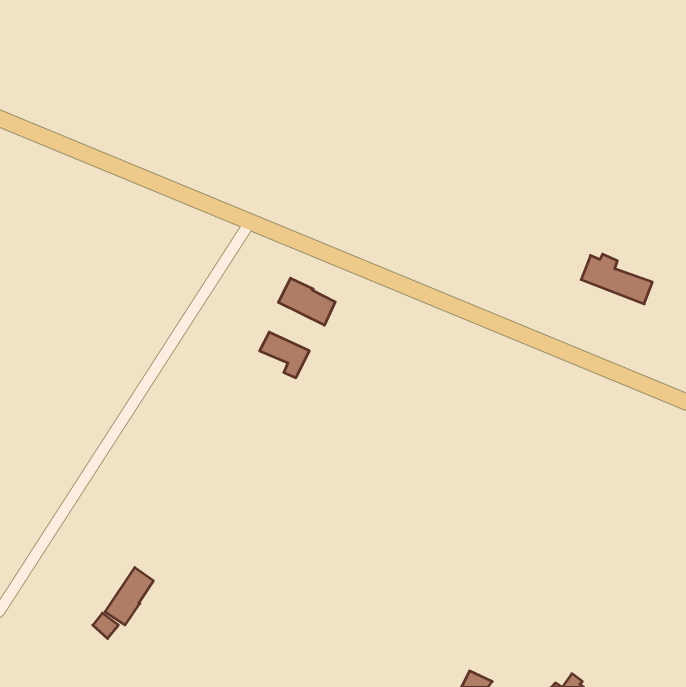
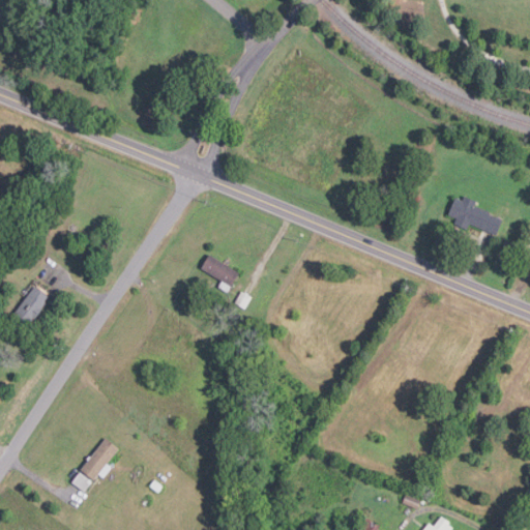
building: [278,278,335,325] -> none
building: none -> [13,286,49,323]

